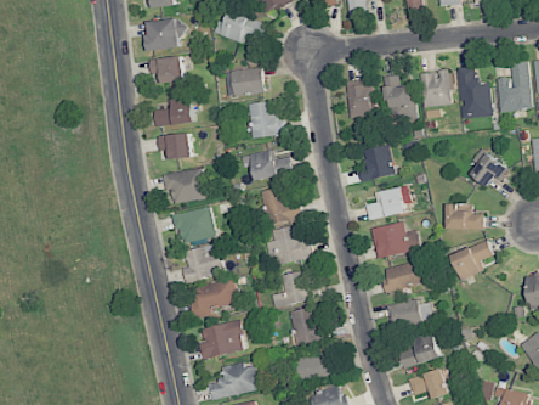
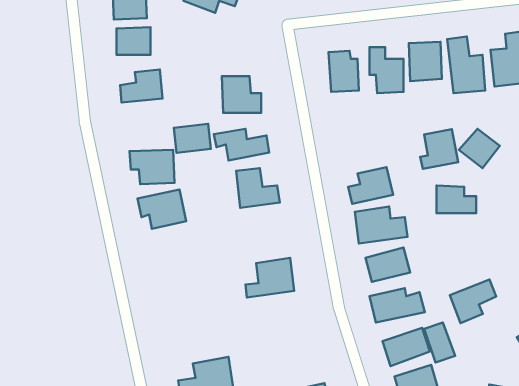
building: [223,67,263,97] -> none
building: [158,133,192,159] -> [174,124,211,153]
building: [358,145,393,181] -> [420,129,458,169]
building: [270,226,311,264] -> none
building: [449,240,492,280] -> [450,279,496,323]
building: [183,244,221,280] -> none
building: [191,280,236,317] -> none
building: [289,306,328,344] -> none
building: [198,320,244,359] -> none
building: none -> [424,322,455,363]
building: [294,353,334,381] -> none

